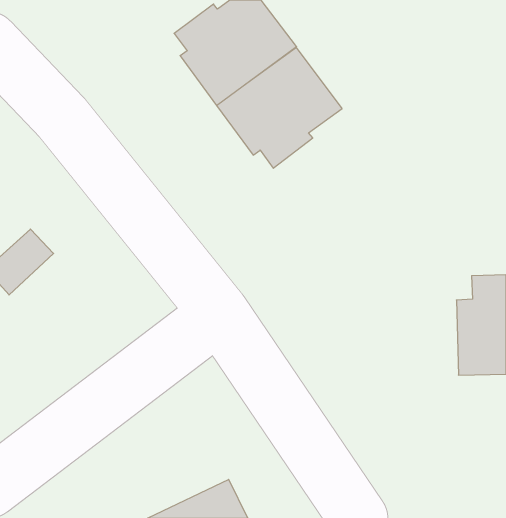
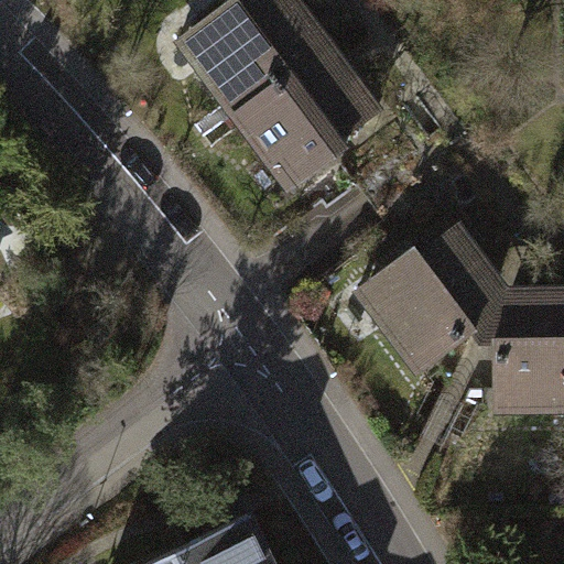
building: none -> [367,239,491,370]

